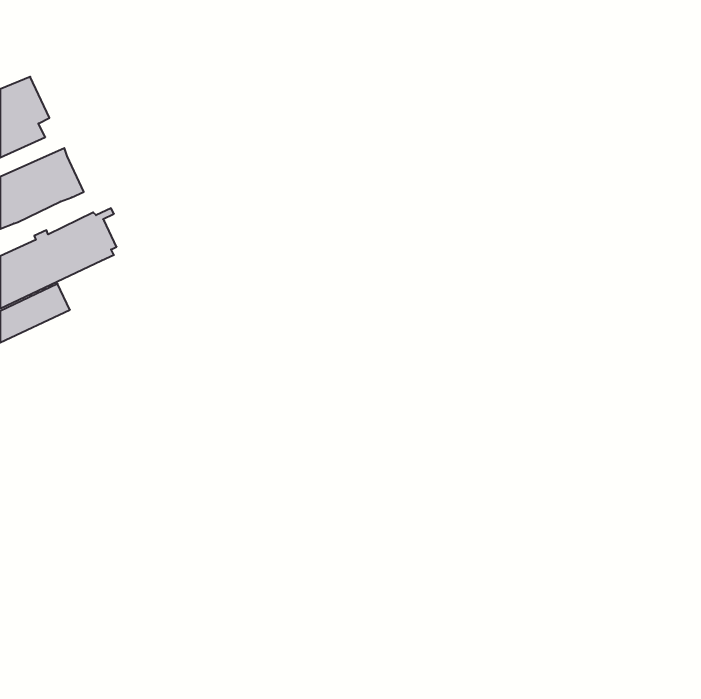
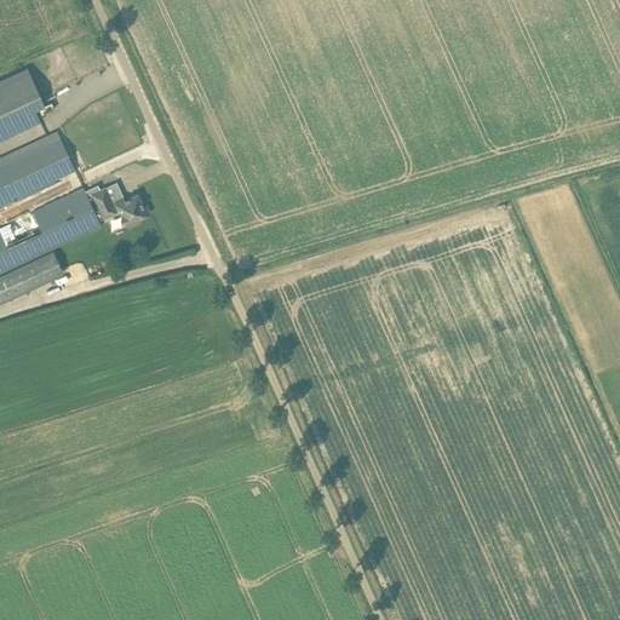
building: none -> [91,183,149,224]

